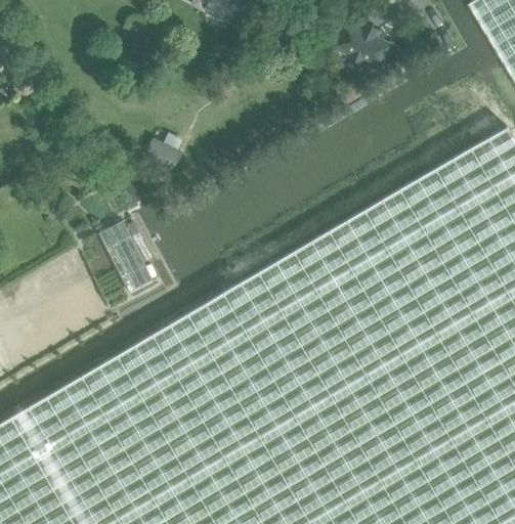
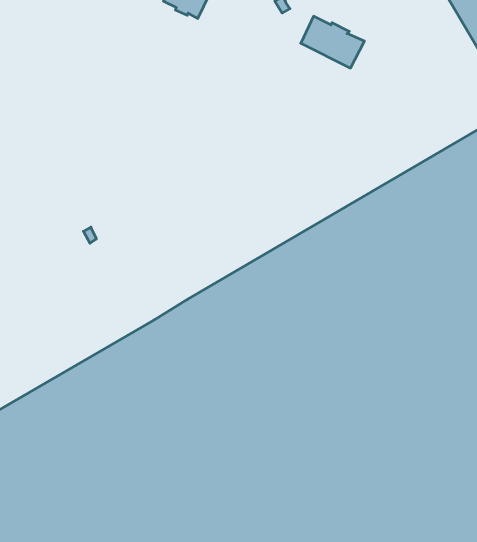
building: [145,133,182,169] -> none
building: [98,222,153,294] -> none

